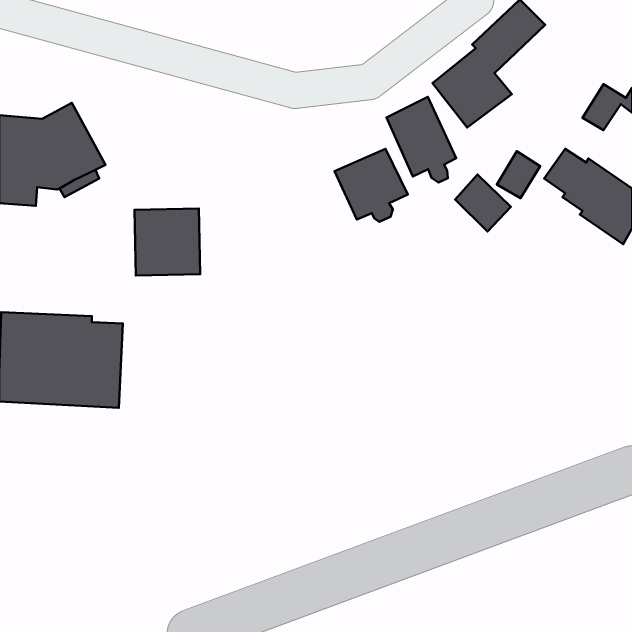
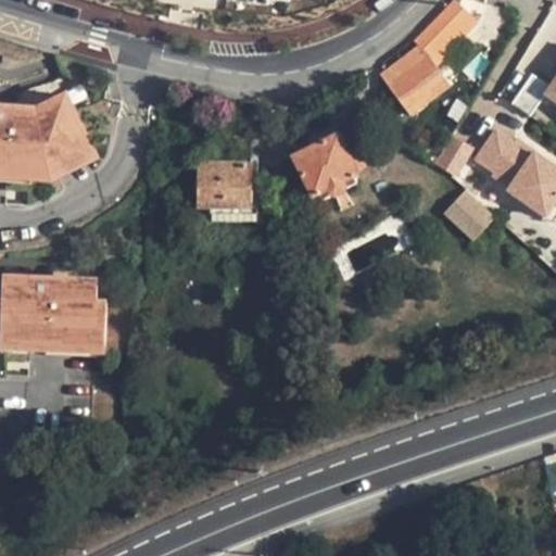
building: [386,97,456,182] -> none
building: [455,175,511,232] -> [445,191,494,241]
building: [134,208,200,275] -> [193,161,251,219]

